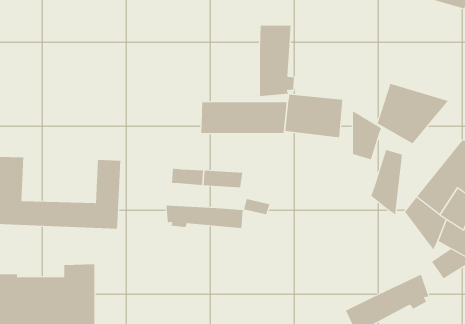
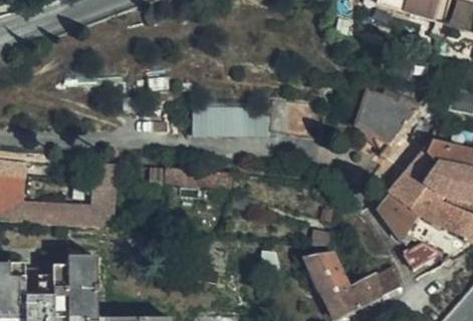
building: [259,25,295,97] -> none
building: [352,110,382,160] -> none
building: [371,149,402,216] -> none
building: [166,205,243,229] -> none
building: none -> [307,254,349,298]

